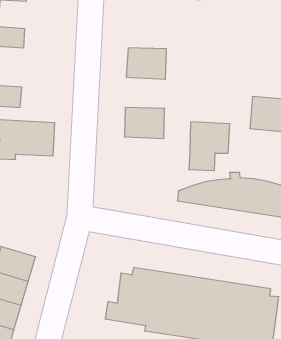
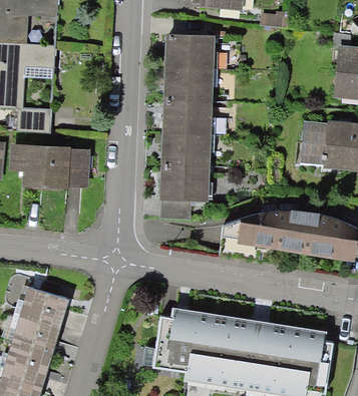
building: none -> [167,37,211,71]
building: none -> [164,102,209,136]
building: [189,122,230,170] -> [161,167,207,221]

